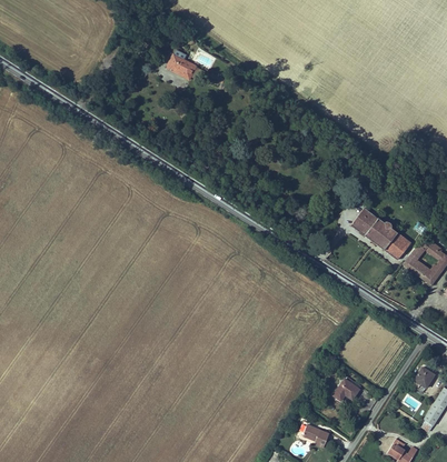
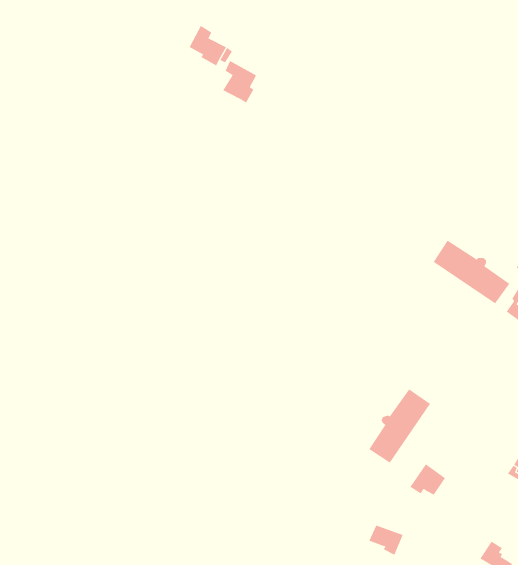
building: none -> [223,60,257,103]
building: none -> [369,388,431,463]

